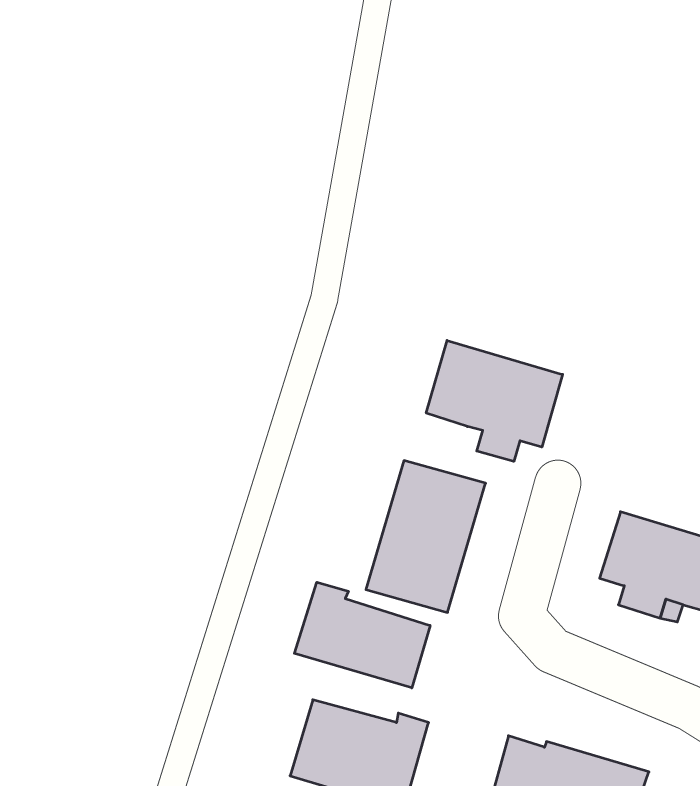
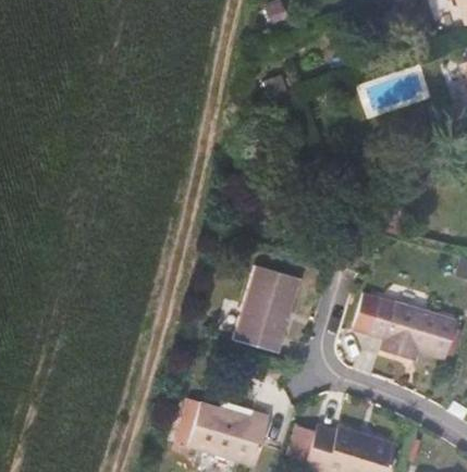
building: [426,340,563,461] -> none
building: [294,582,430,688] -> none

